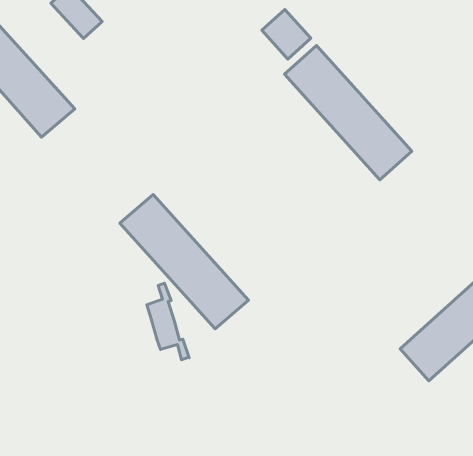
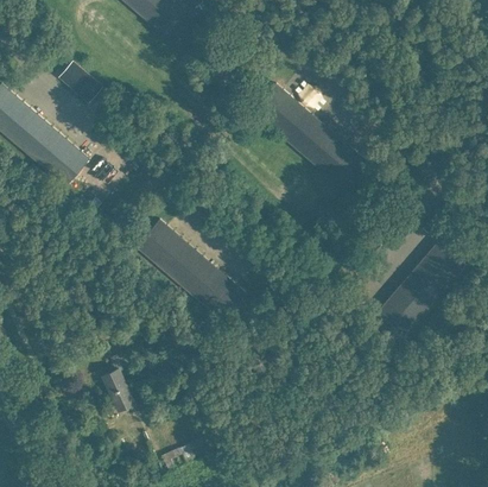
building: [262,9,311,59] -> none
building: [147,283,189,360] -> [102,355,141,415]

